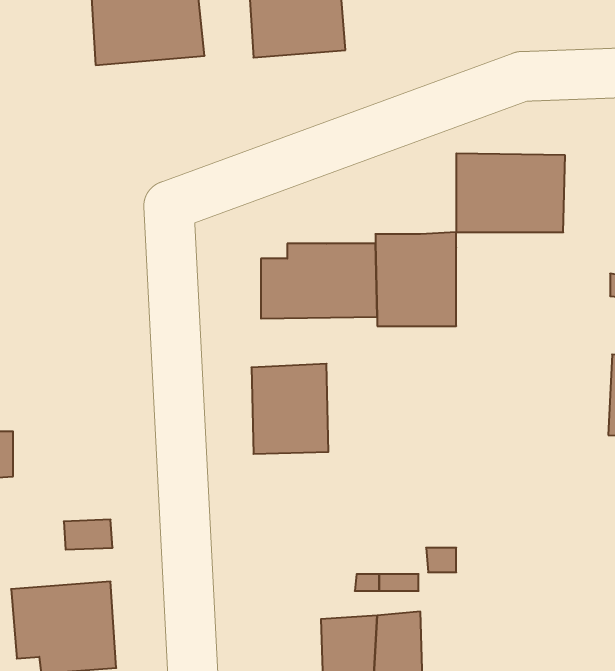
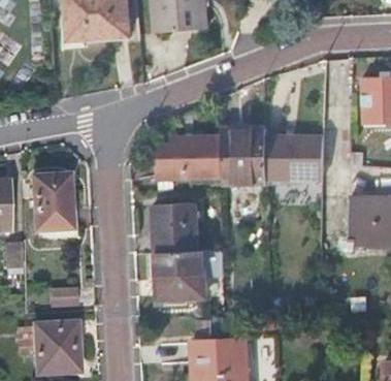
building: [456,153,565,232] -> [266,138,326,182]
building: none -> [33,173,71,229]
building: none -> [155,251,205,298]

